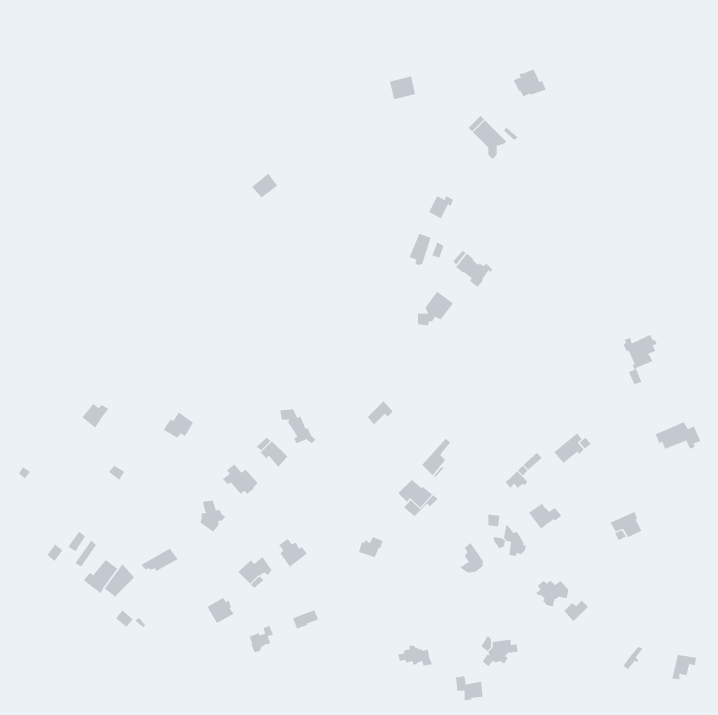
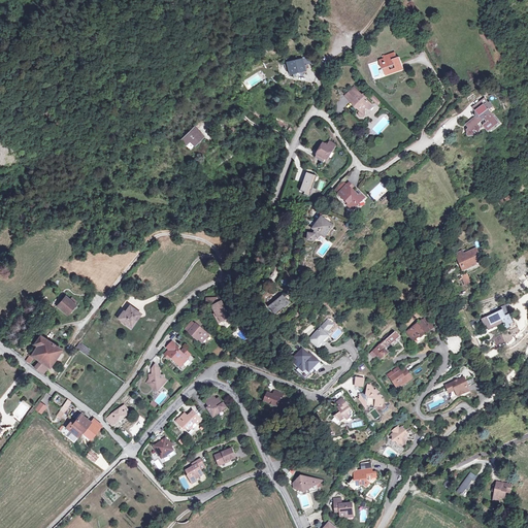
building: none -> [465,96,500,135]
building: none -> [25,333,61,371]

